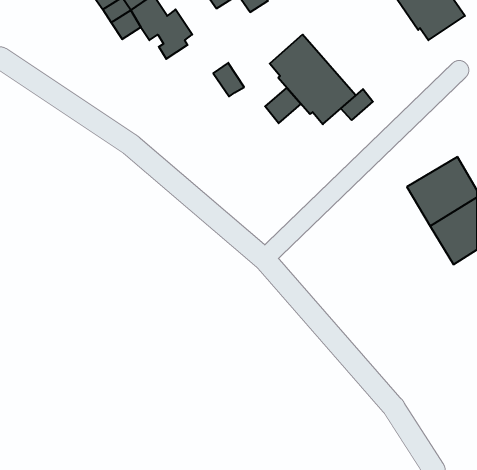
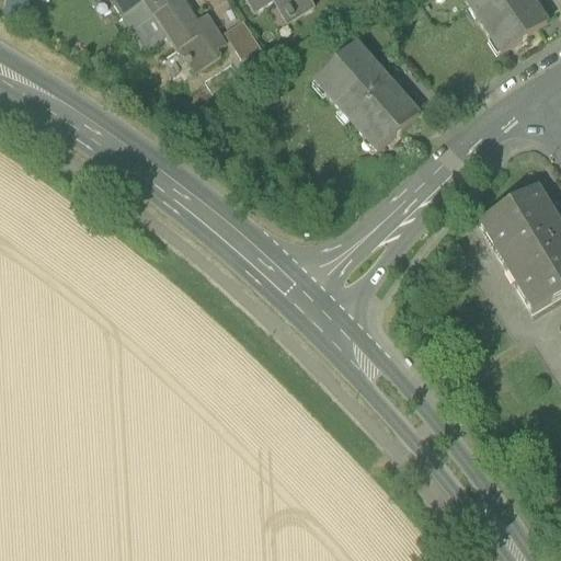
building: [213,63,244,96] -> [225,18,261,57]
building: [265,88,301,123] -> none
building: [341,89,373,120] -> none

